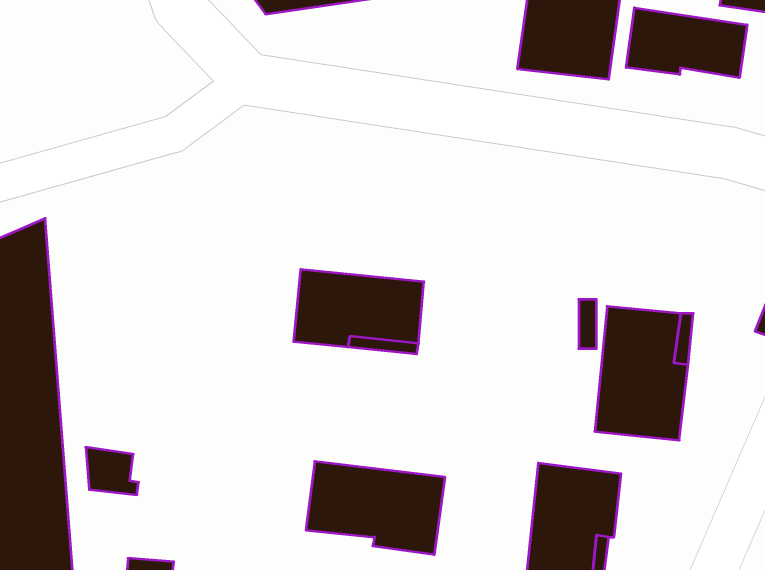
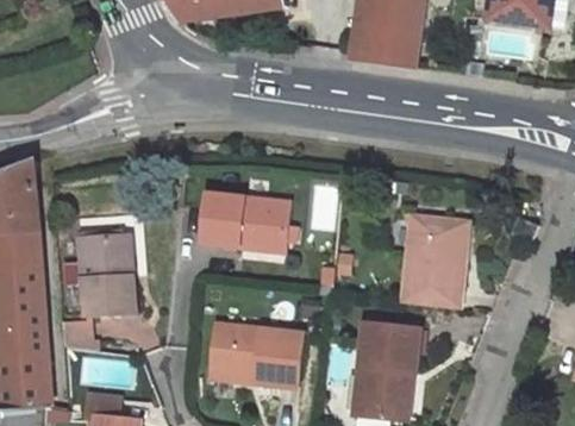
building: [626,8,747,78] -> none
building: none -> [79,231,135,314]

